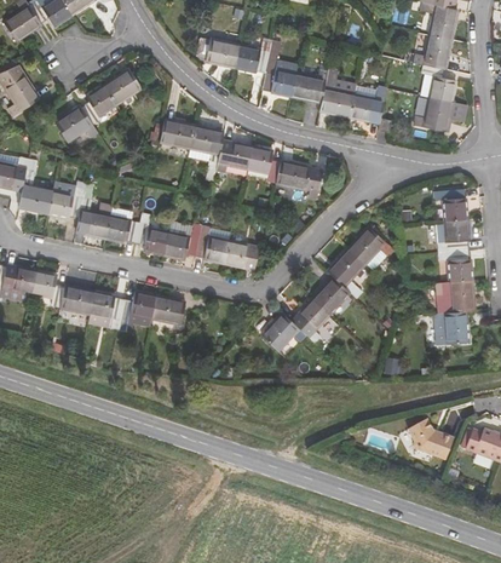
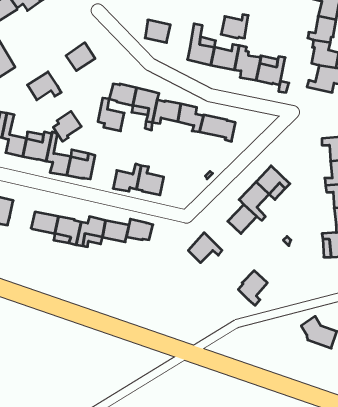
building: [234,42,269,73] -> [221,15,248,38]
building: [81,85,117,123] -> [53,111,81,141]
building: [136,213,169,255] -> [98,98,124,131]
building: [225,241,259,268] -> [127,219,153,240]
building: [31,271,64,306] -> none
building: [292,298,329,343] -> [238,271,267,305]

